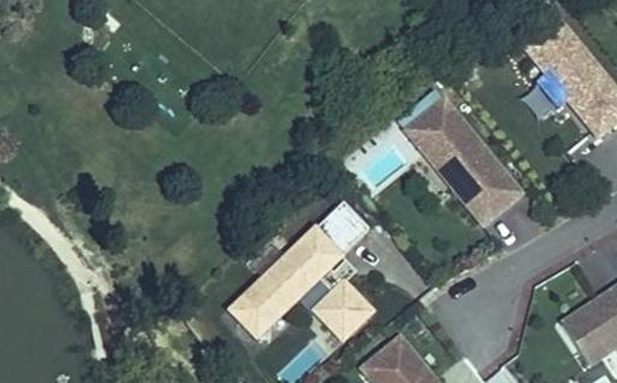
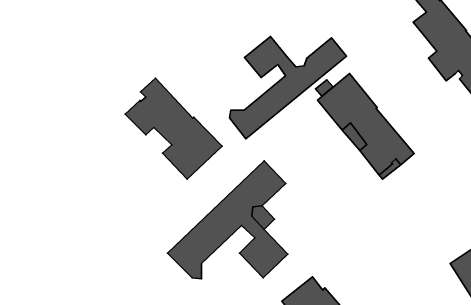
building: none -> [230,37,347,139]
building: none -> [125,78,222,179]

